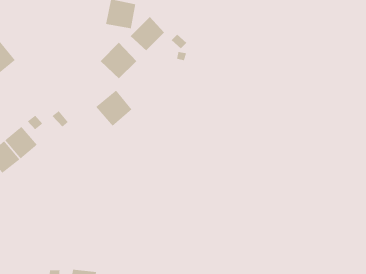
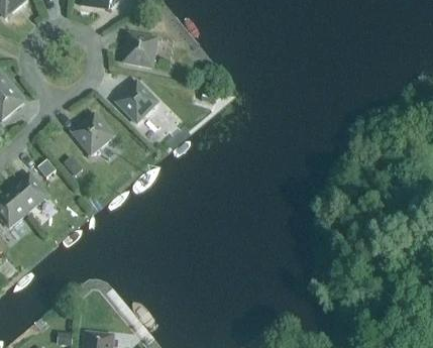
building: [130,16,165,51] -> none
building: [95,90,133,127] -> [73,114,114,155]

